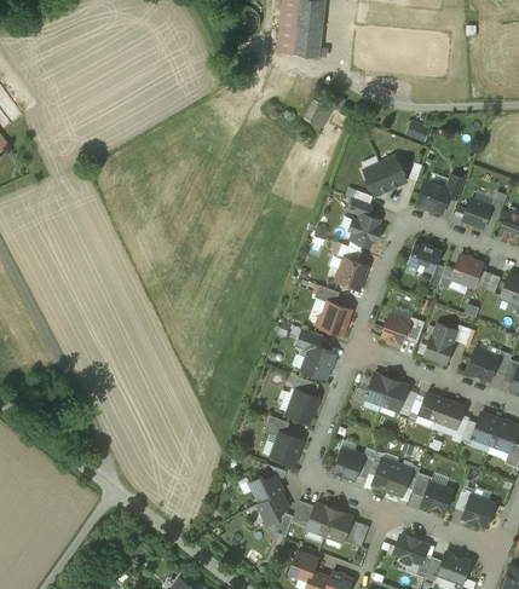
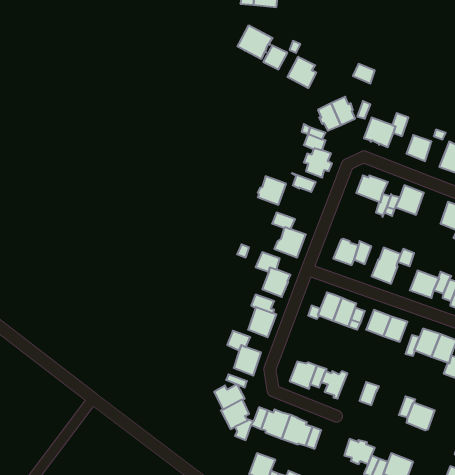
building: none -> [237,25,273,59]
building: none -> [287,57,316,88]
building: [335,258,367,289] -> [258,176,286,205]
building: [386,463,416,496] -> none
building: [421,481,451,513] -> none

